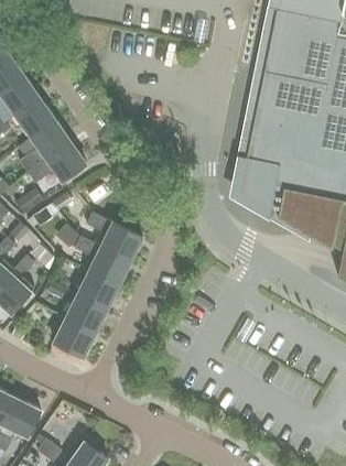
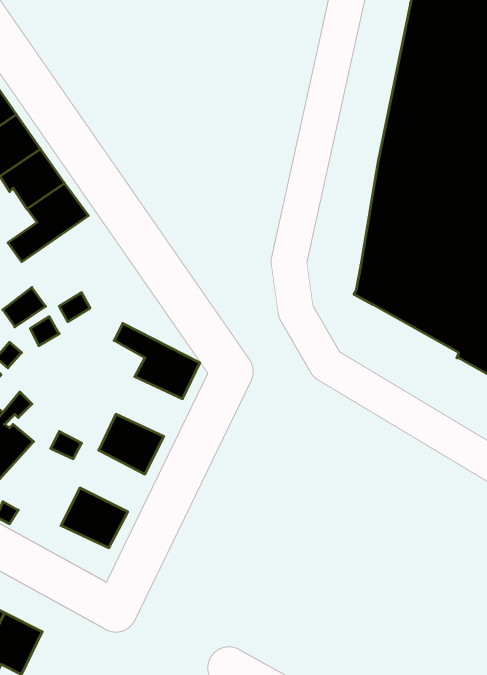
building: [28,142,86,183] -> none
building: [75,236,131,284] -> none
building: [65,293,107,333] -> none

